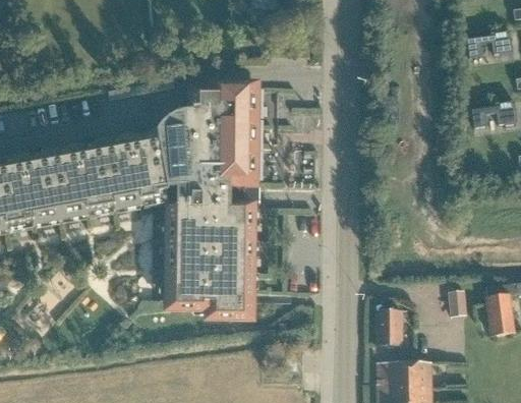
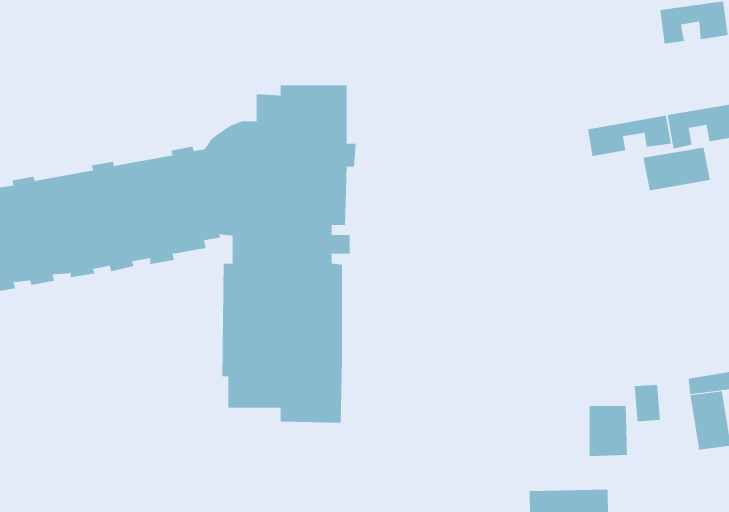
building: none -> [587,115,671,157]
building: none -> [643,147,710,191]
building: [377,311,403,346] -> [589,406,628,457]

